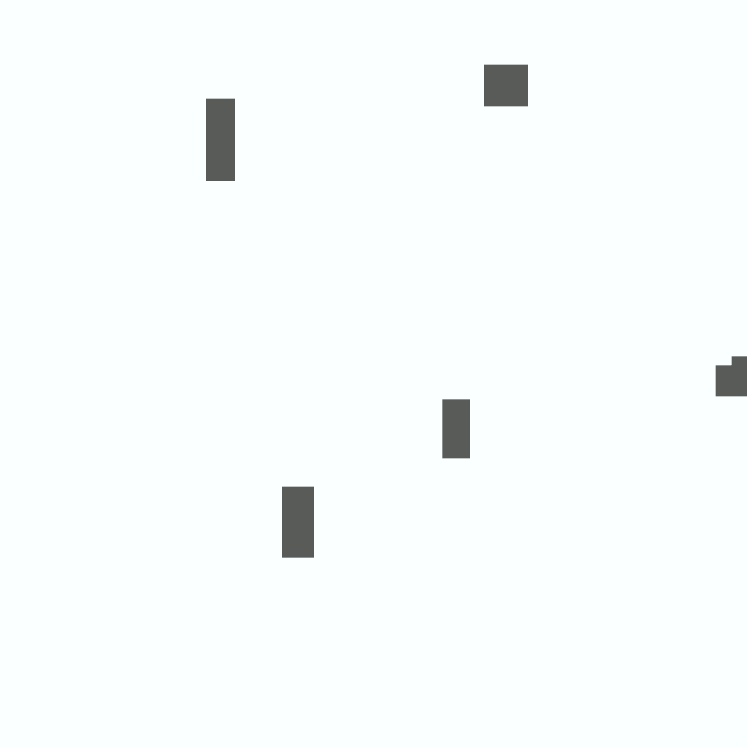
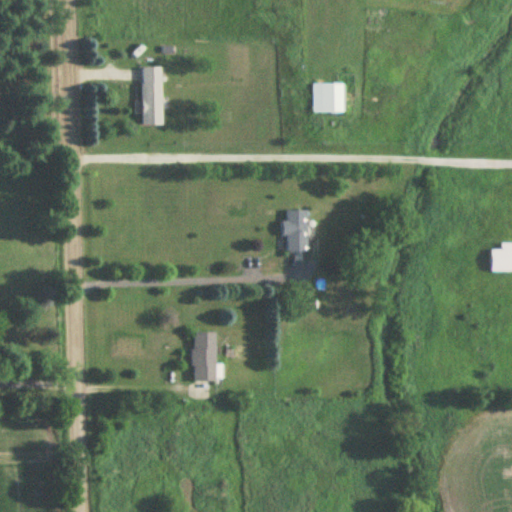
building: [483,64,529,107] -> [311,83,342,112]
building: [442,399,471,459] -> [287,209,307,250]

